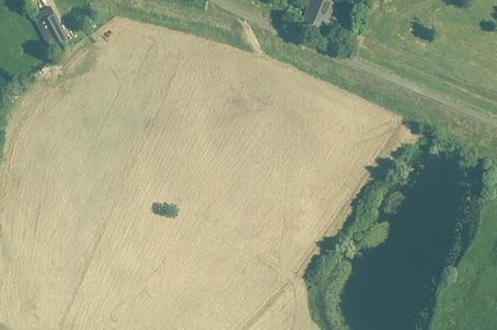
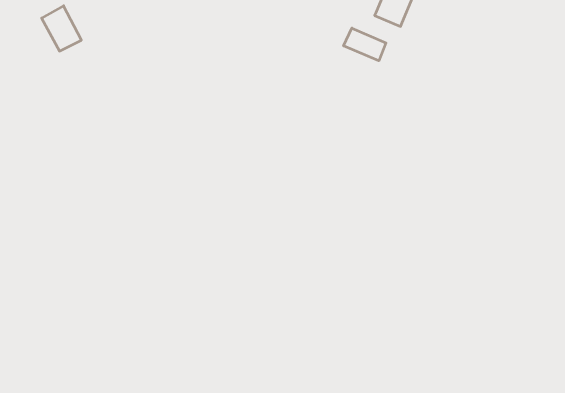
building: none -> [344,28,386,61]

